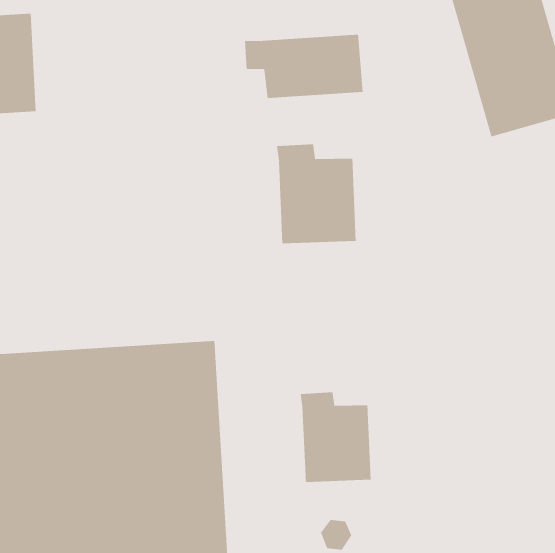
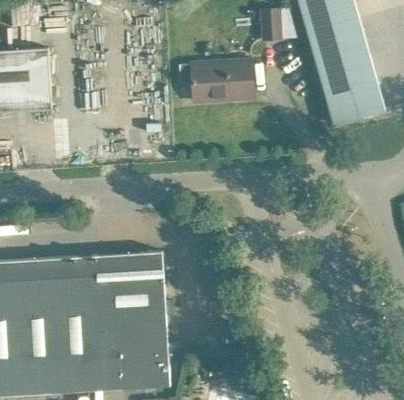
building: [276,143,356,244] -> none
building: [300,391,371,483] -> none

